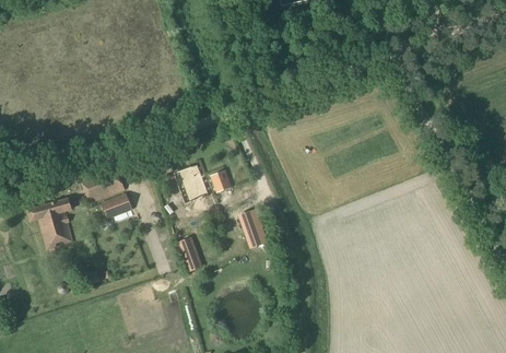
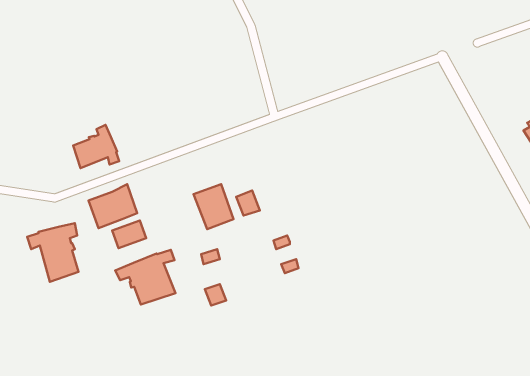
building: none -> [73,125,119,168]
building: none -> [115,250,176,305]

